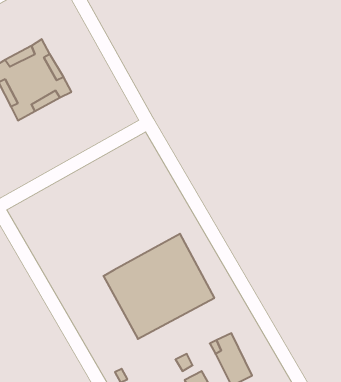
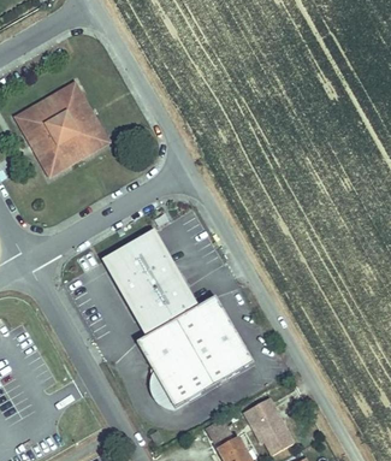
building: none -> [105,226,199,330]

